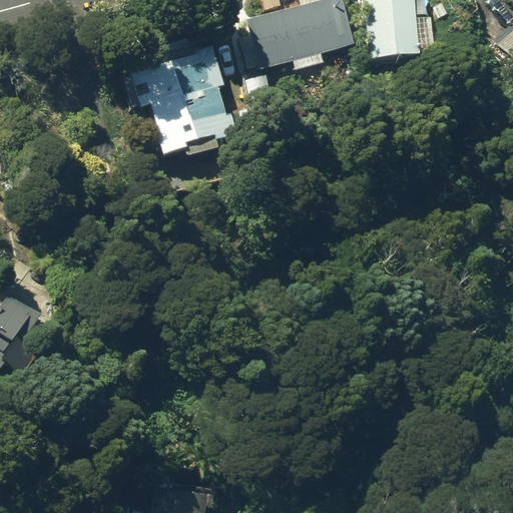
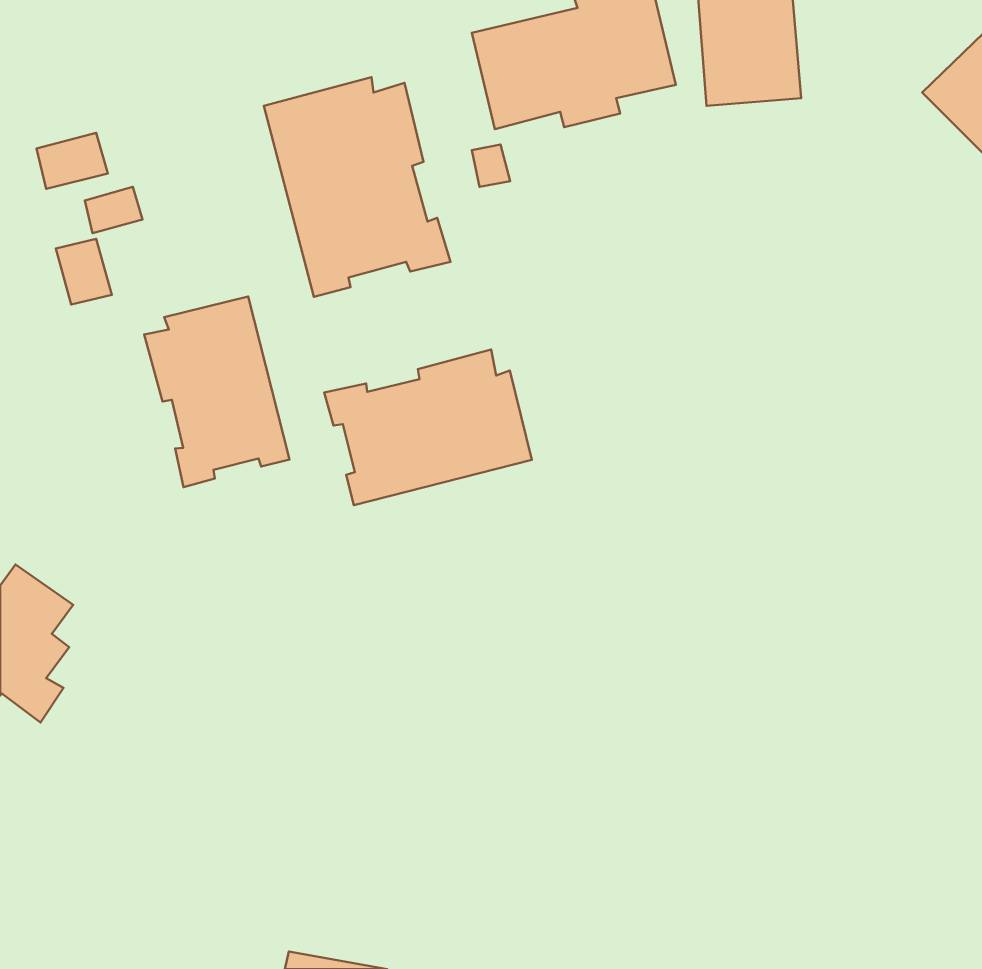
building: none -> [144,296,290,487]
building: none -> [324,349,532,505]

